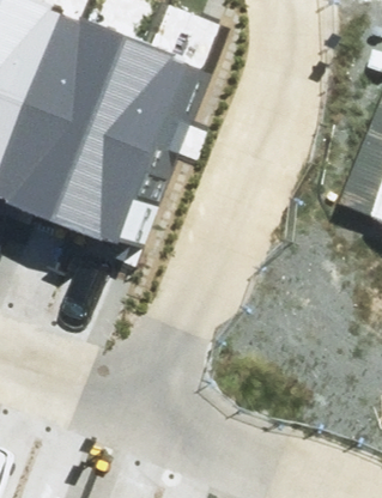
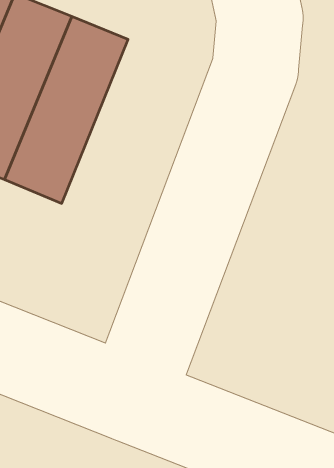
building: [72,47,201,242] -> none

